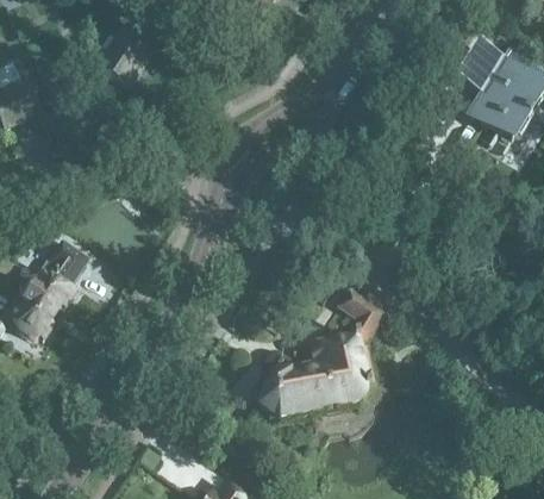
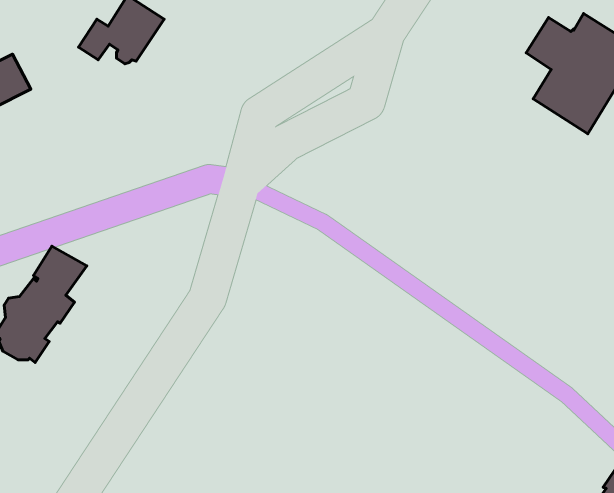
building: [250,281,386,417] -> none

